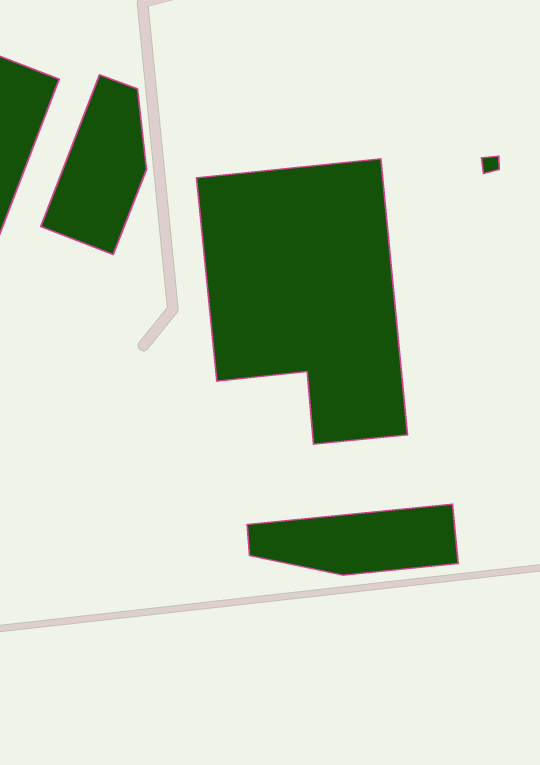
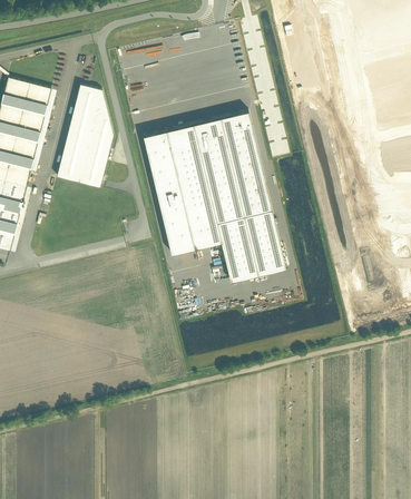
building: [247,504,458,575] -> none

